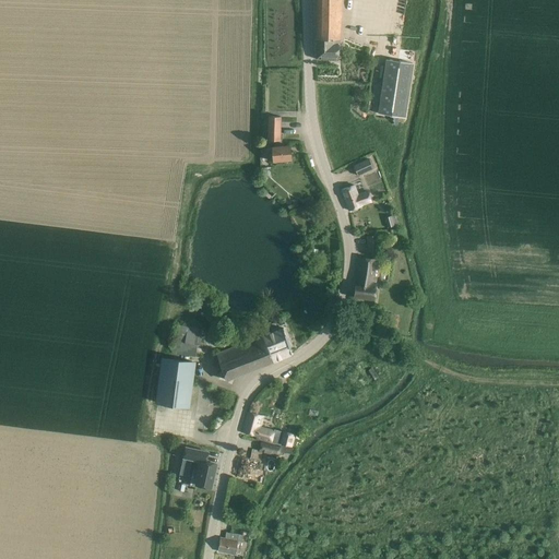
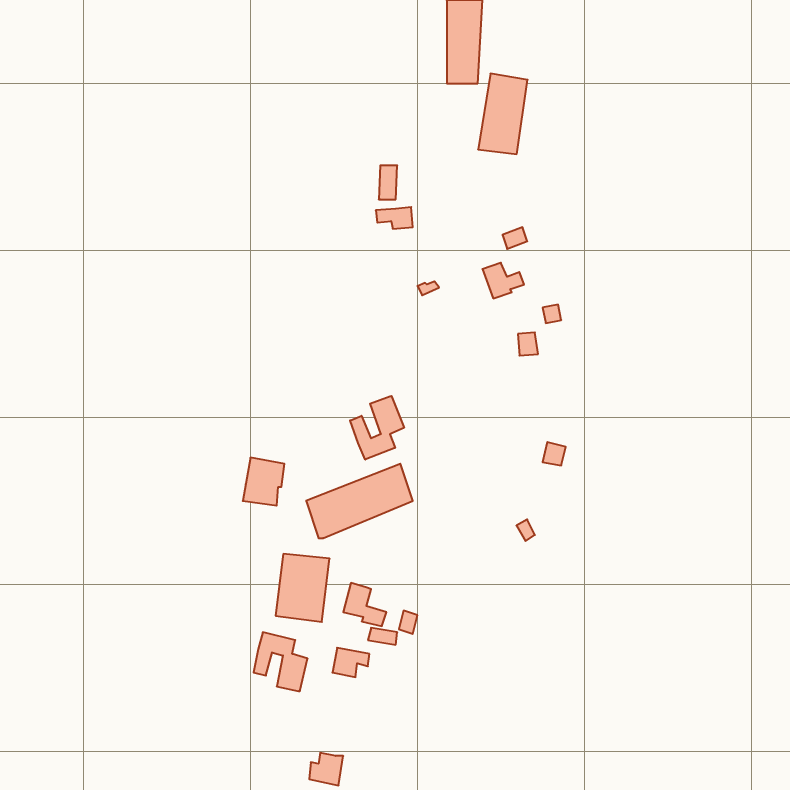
building: [378,60,413,117] -> [478,74,528,154]
building: [354,258,377,299] -> none
building: none -> [350,396,404,460]
building: [156,359,194,407] -> [276,554,330,622]

